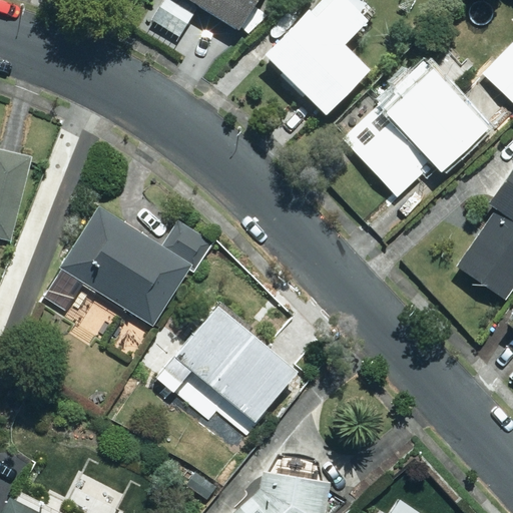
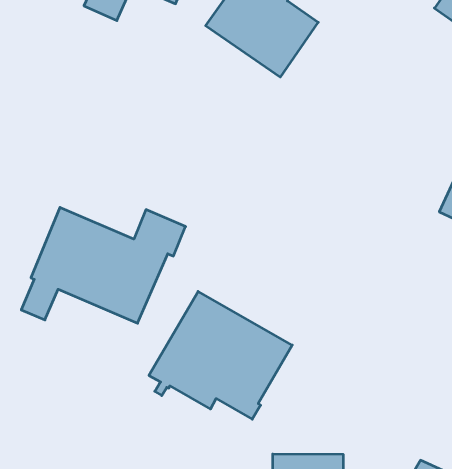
building: [343,60,487,196] -> none

